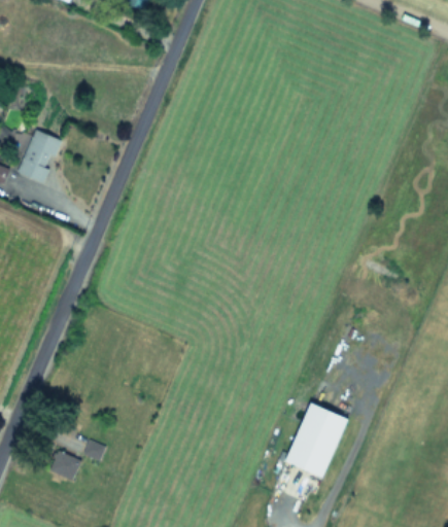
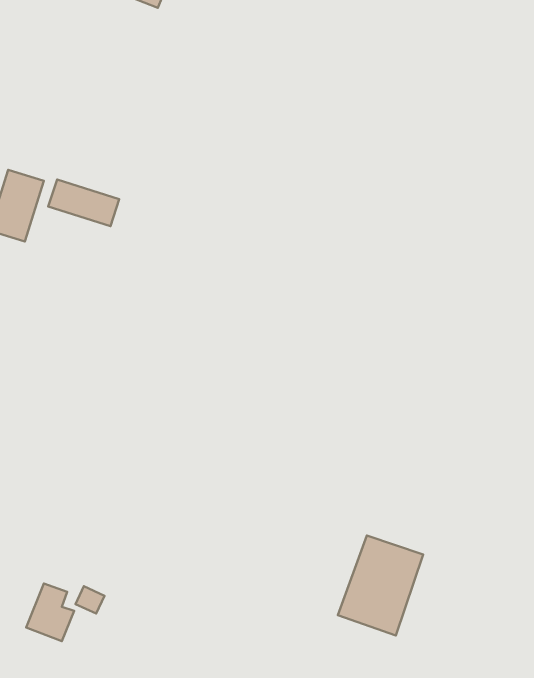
building: none -> [48,180,119,226]

